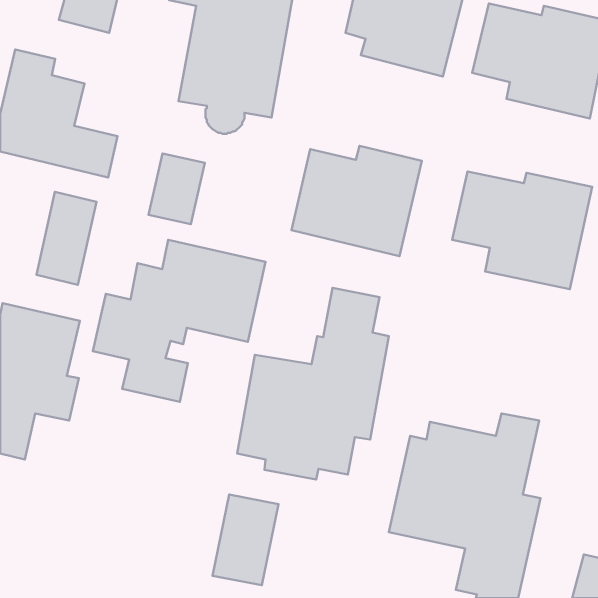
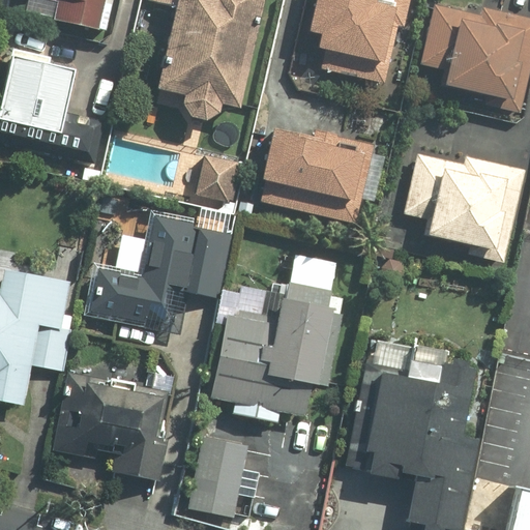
building: [148,154,205,224] -> [193,150,242,212]
building: [36,192,97,285] -> none
building: none -> [55,371,170,479]

